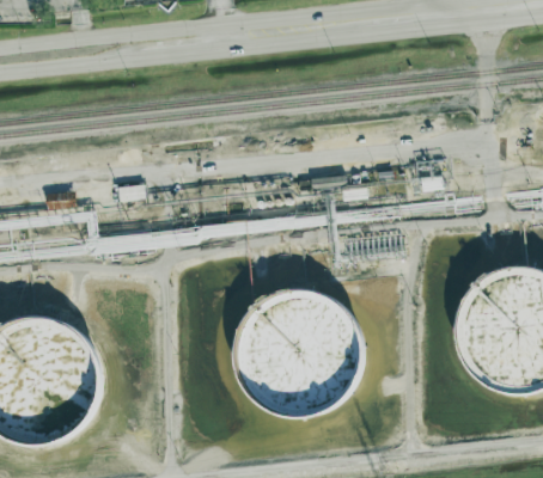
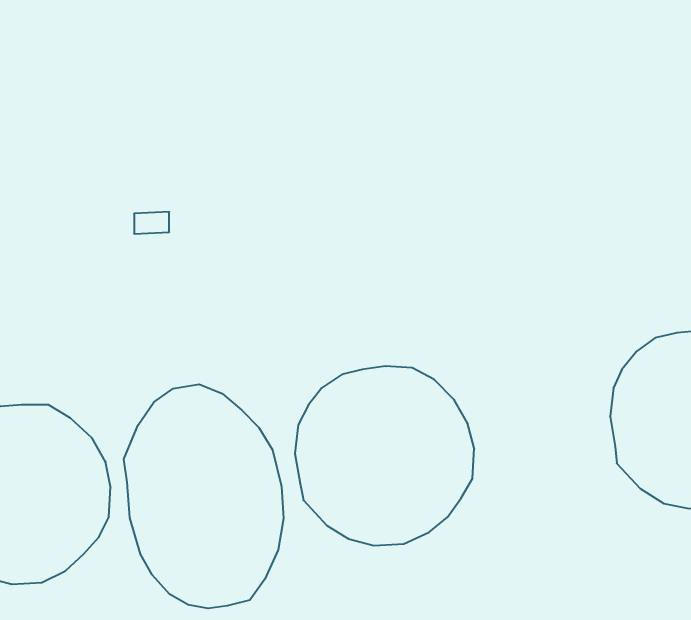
building: none -> [124,384,284,608]

